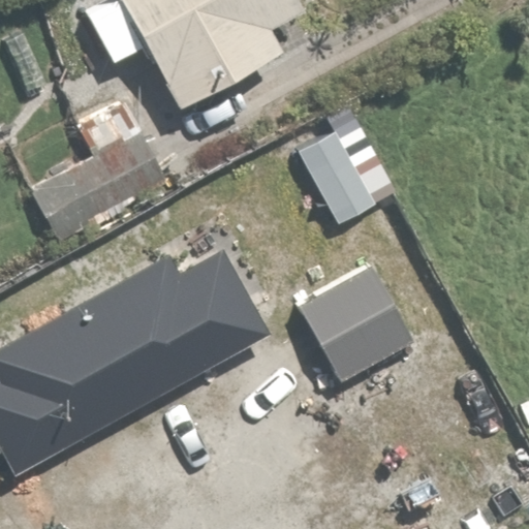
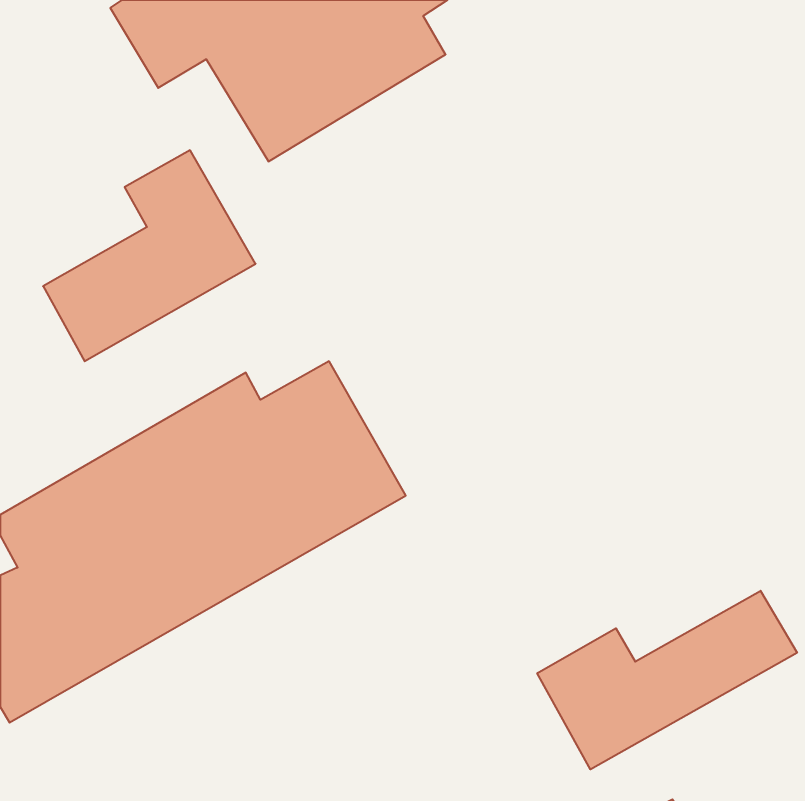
building: [297,266,411,380] -> none
building: none -> [537,591,797,769]

